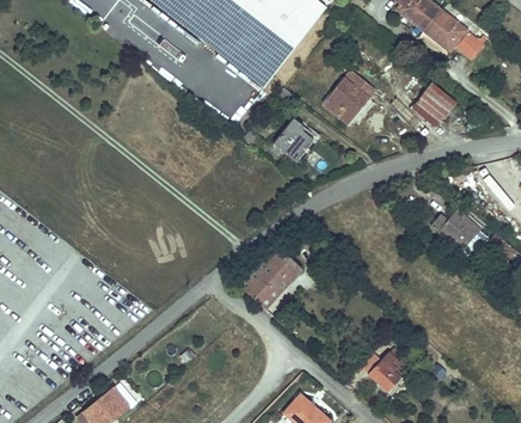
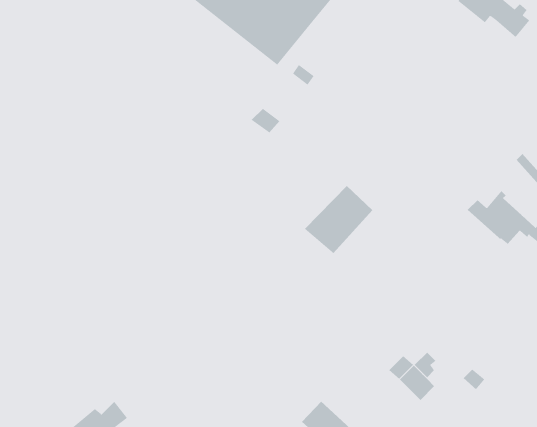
building: [324,73,373,122] -> none
building: [415,85,454,123] -> none
building: [271,118,313,161] -> none
building: [238,245,300,307] -> [304,185,373,254]

